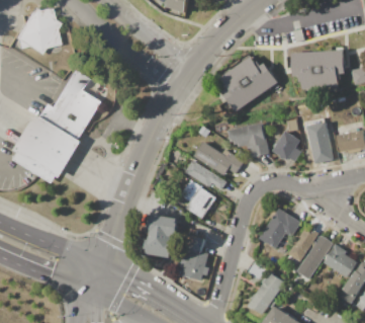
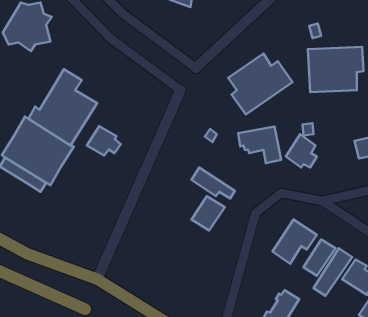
building: [306,122,333,164] -> none
building: none -> [87,126,121,156]
building: [194,142,243,175] -> none
building: [146,215,178,258] -> none
building: [183,235,207,280] -> none

